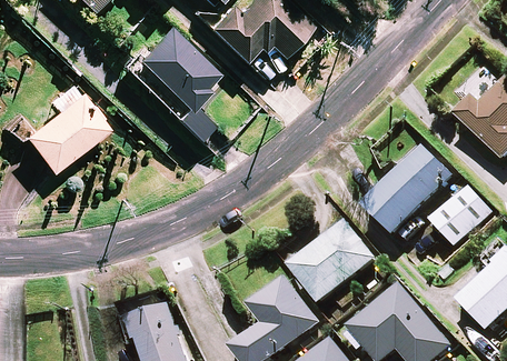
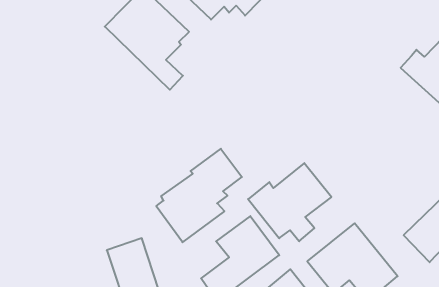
building: [23,94,103,170] -> none
building: [360,142,453,234] -> none
building: [429,184,489,243] -> none
building: none -> [156,149,242,242]

